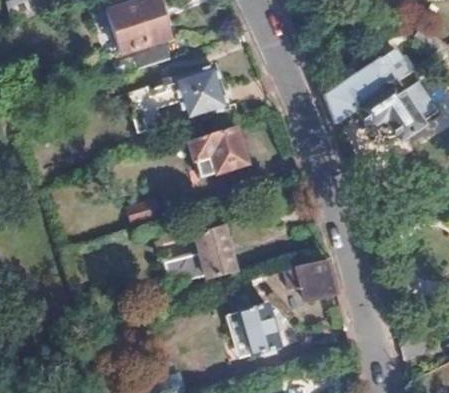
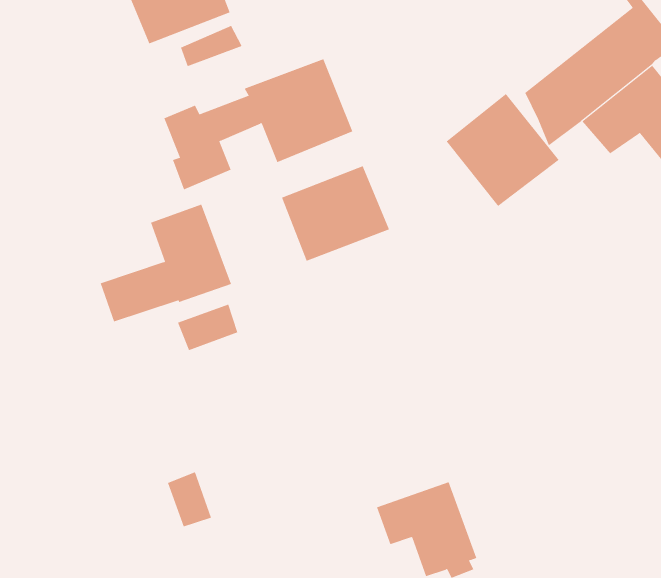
building: none -> [446,93,560,207]
building: [164,225,236,286] -> [100,204,232,322]
building: [292,258,338,303] -> none

